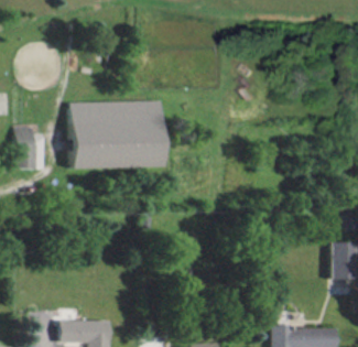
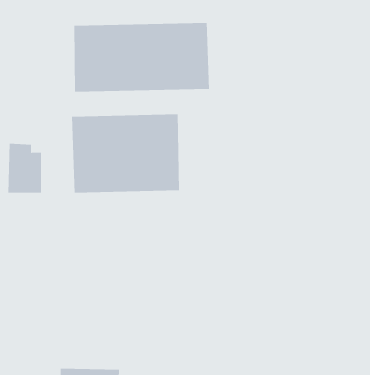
building: none -> [74,22,210,93]

